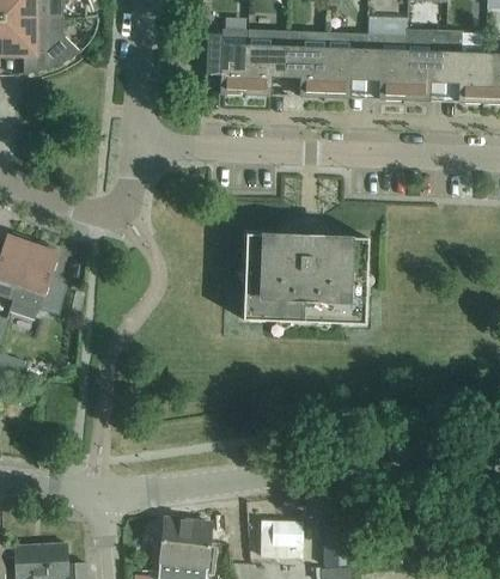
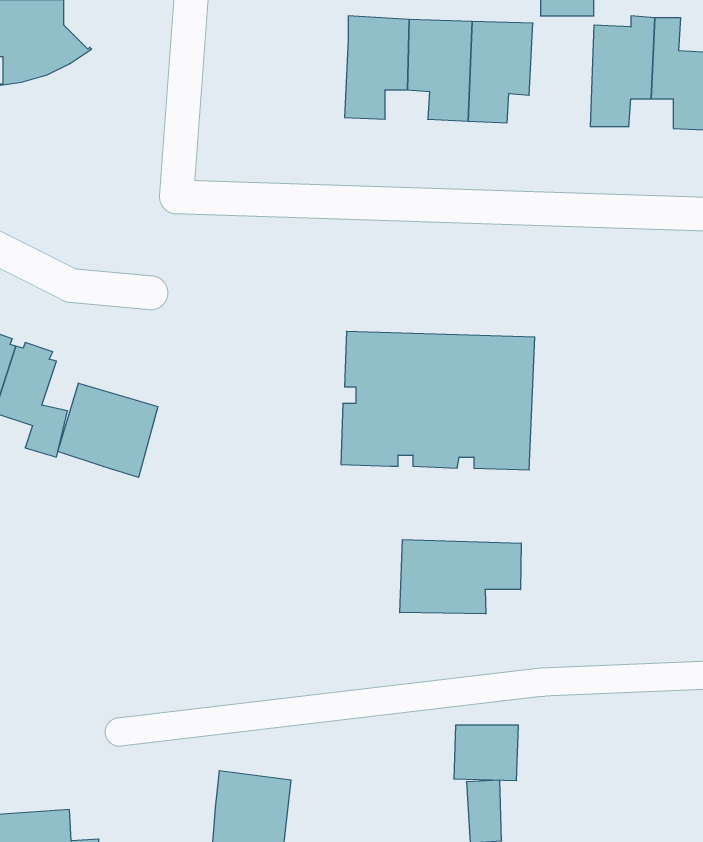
building: [205,33,246,95] -> none
building: [364,33,406,100] -> none
building: none -> [58,383,158,477]
building: none -> [400,540,521,614]
building: [260,522,301,557] -> [454,725,518,781]

